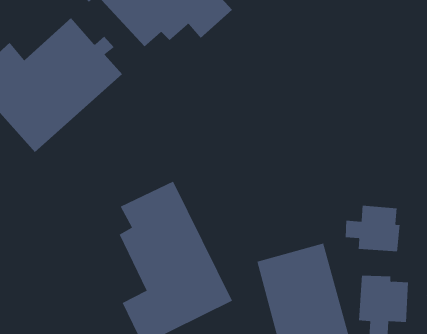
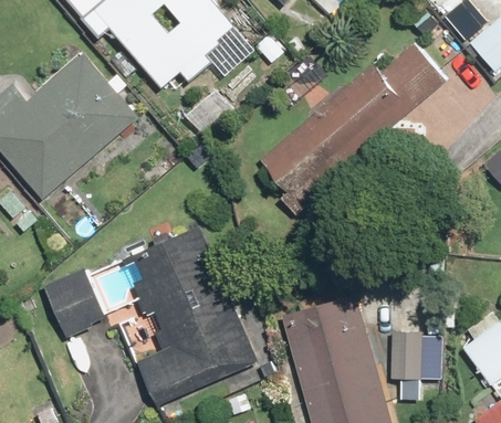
building: none -> [261,44,445,219]
building: [345,205,400,252] -> none
building: none -> [43,267,108,339]

